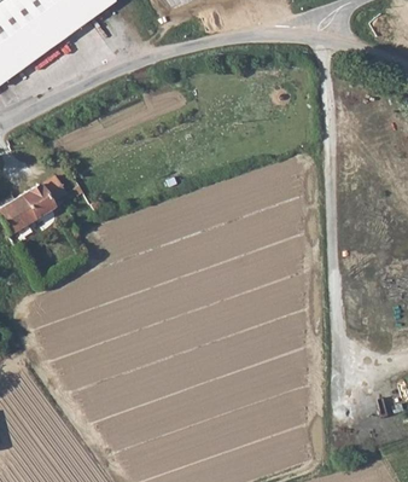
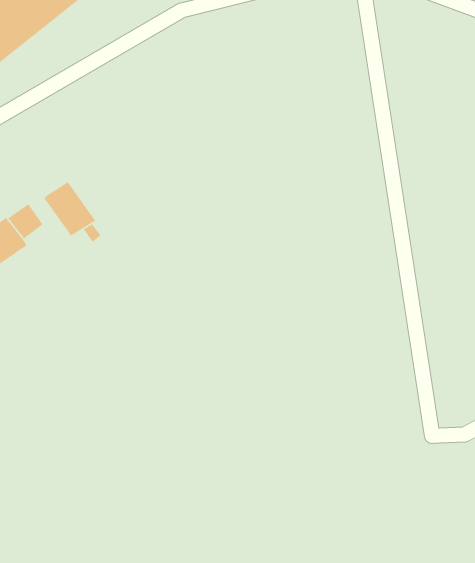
building: none -> [43,181,96,237]

